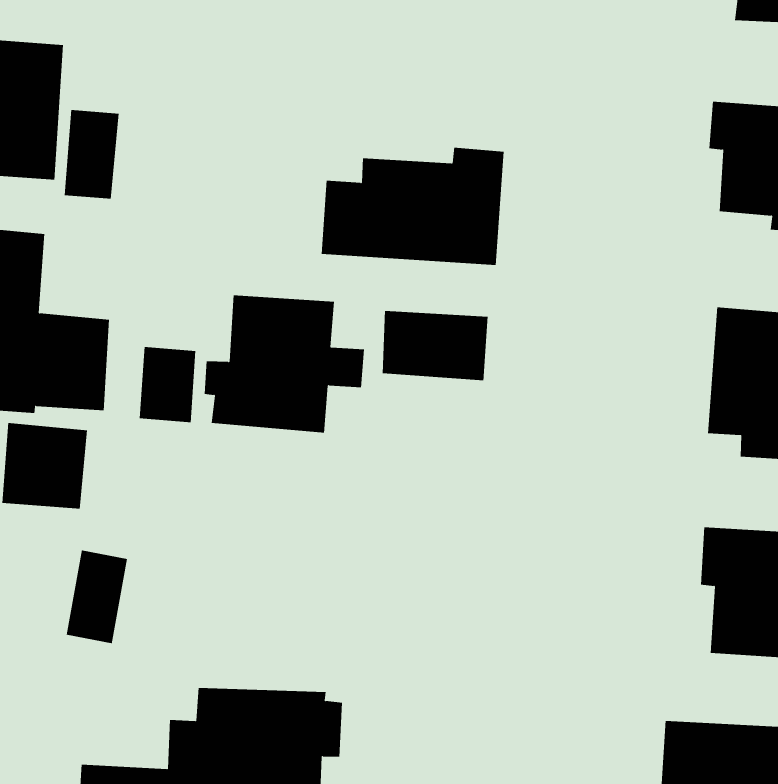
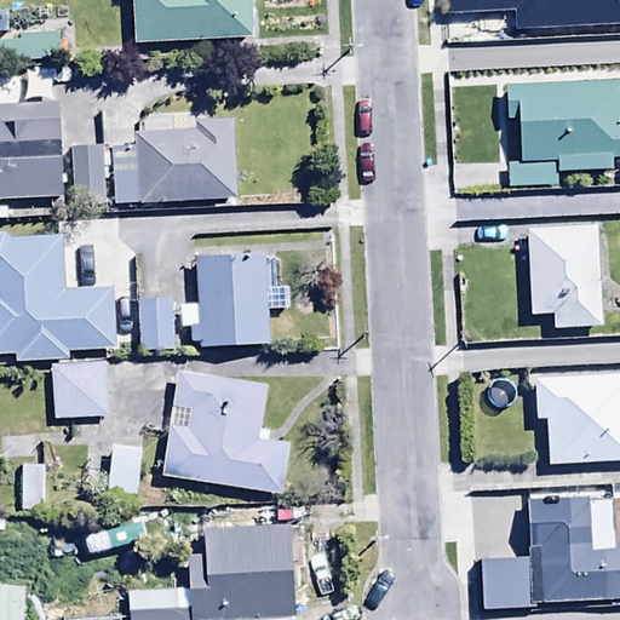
building: [321,147,505,266] -> [111,116,235,201]
building: [382,310,488,381] -> none
building: none -> [162,369,291,493]

